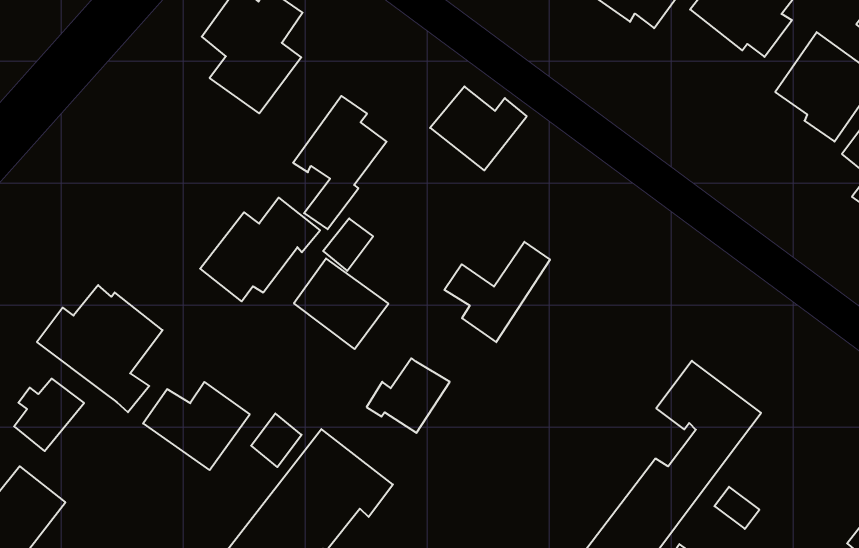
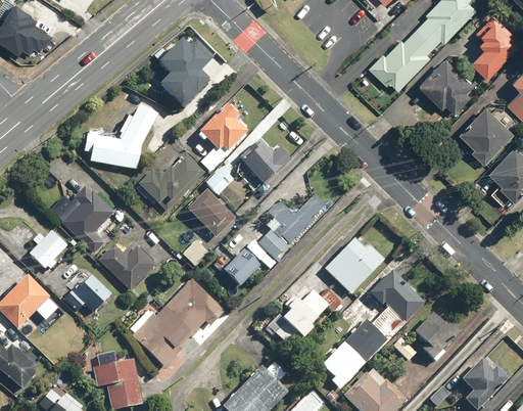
building: [430,86,527,170] -> [239,138,291,184]
building: none -> [84,103,158,170]
building: none -> [324,233,386,295]
building: none -> [245,227,291,269]
building: [251,413,302,467] -> [183,239,210,268]
building: none -> [282,290,329,338]
building: none -> [415,311,462,362]
building: none -> [62,275,112,314]

